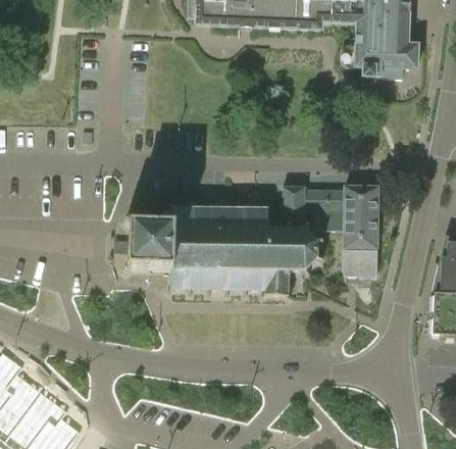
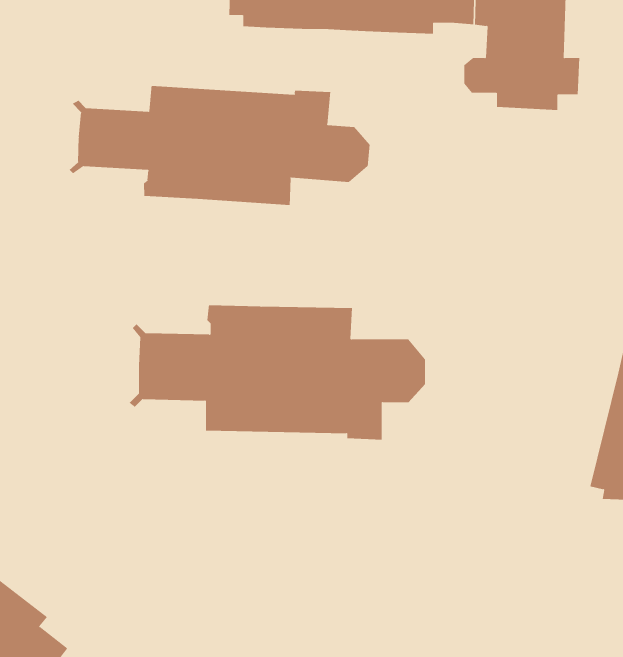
building: none -> [69,85,370,206]
building: [283,185,378,276] -> none

